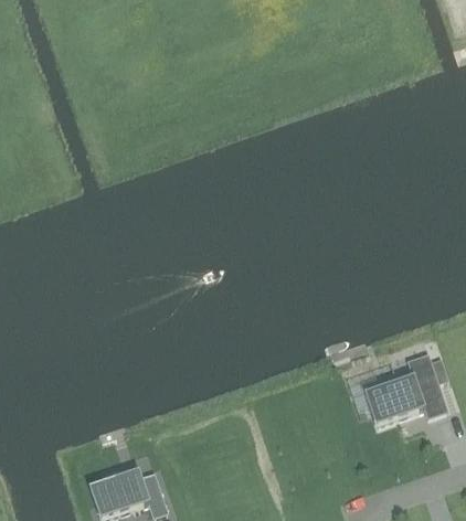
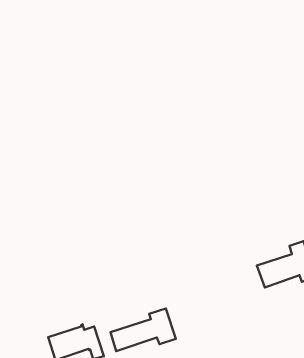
building: none -> [110,308,176,351]

